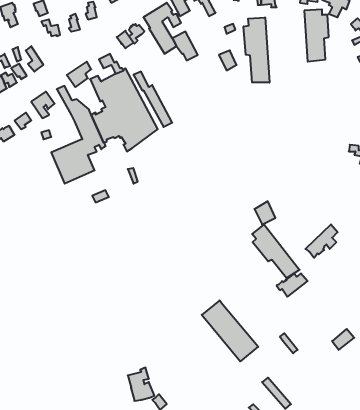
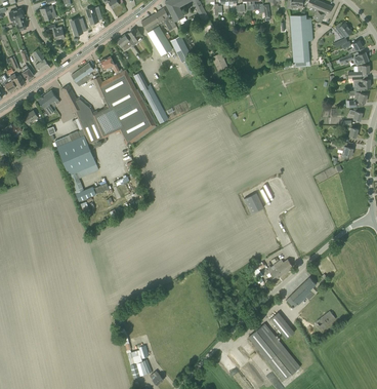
building: [244,17,269,83] -> none
building: [305,224,338,258] -> [286,277,316,308]
building: [252,224,300,278] -> none
building: [202,300,258,361] -> [248,323,300,380]

